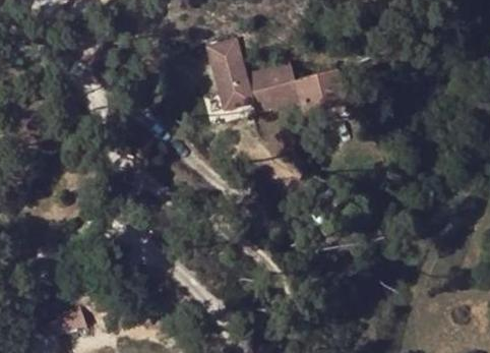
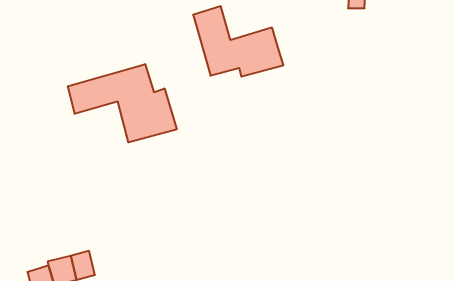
building: [295,67,346,113] -> none
building: none -> [68,64,177,142]

